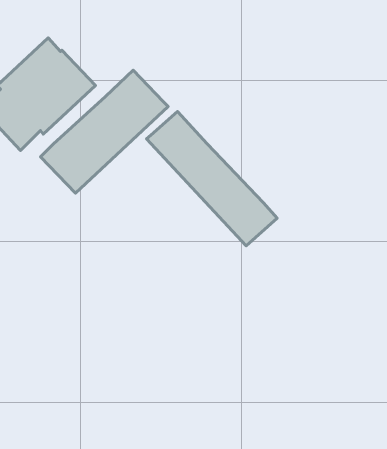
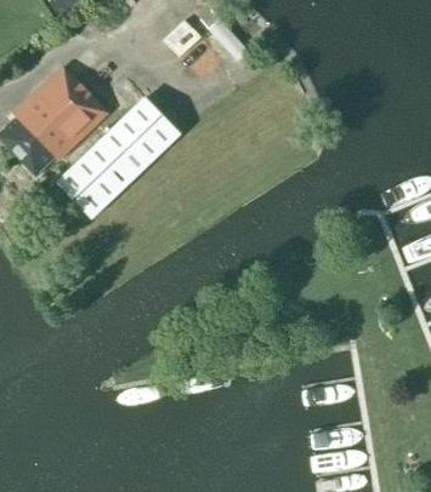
building: [147,111,277,246] -> none

